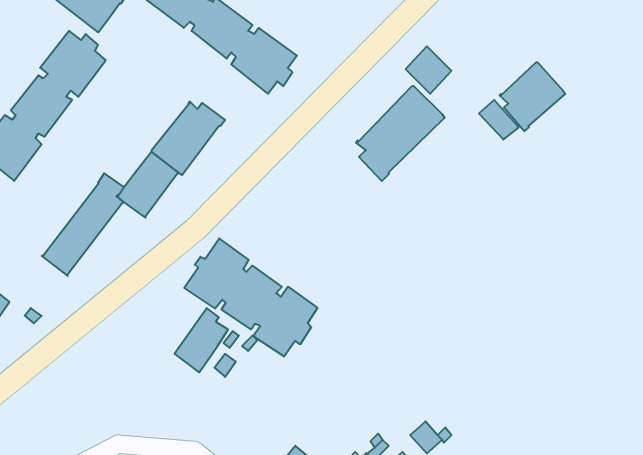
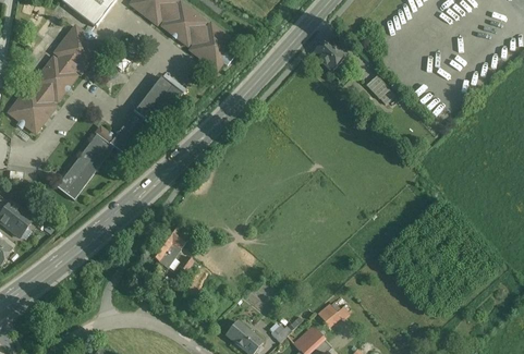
building: [500,62,565,131] -> none
building: [356,86,445,181] -> none
building: [184,238,317,357] -> none

